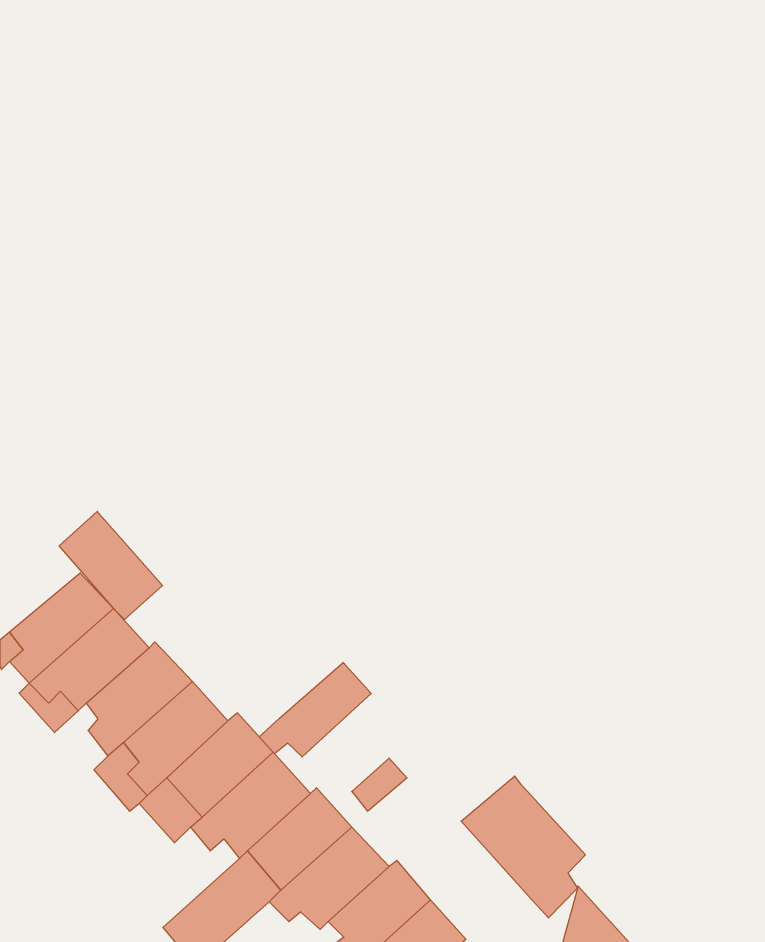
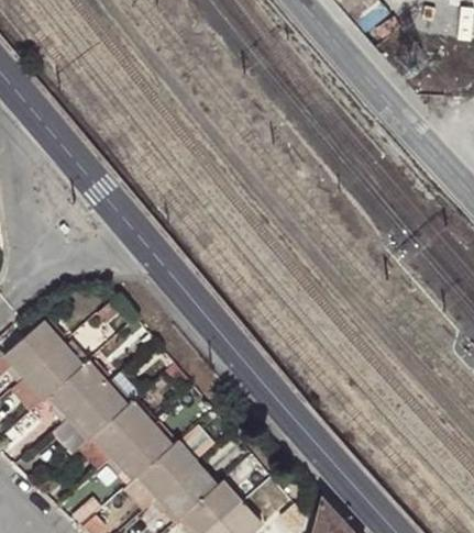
building: [59,511,163,620] -> none
building: [259,662,371,757] -> none
building: [461,776,585,918] -> none

